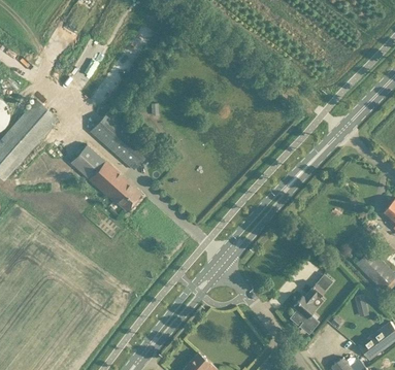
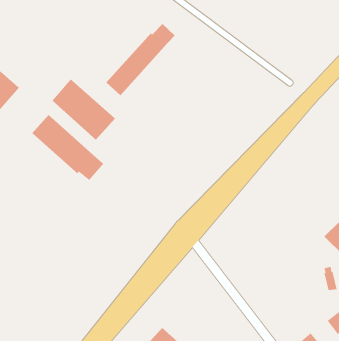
building: none -> [106,23,175,96]
building: [291,283,324,332] -> none

